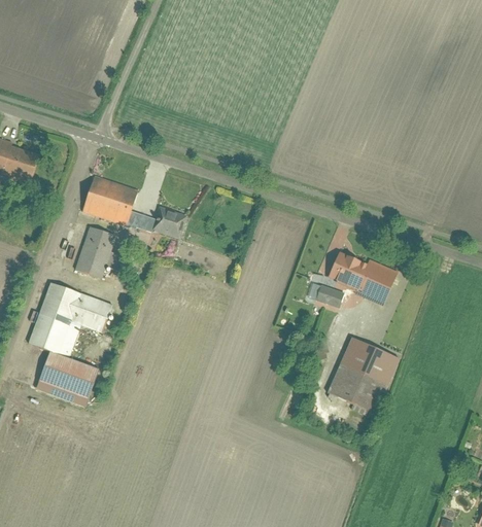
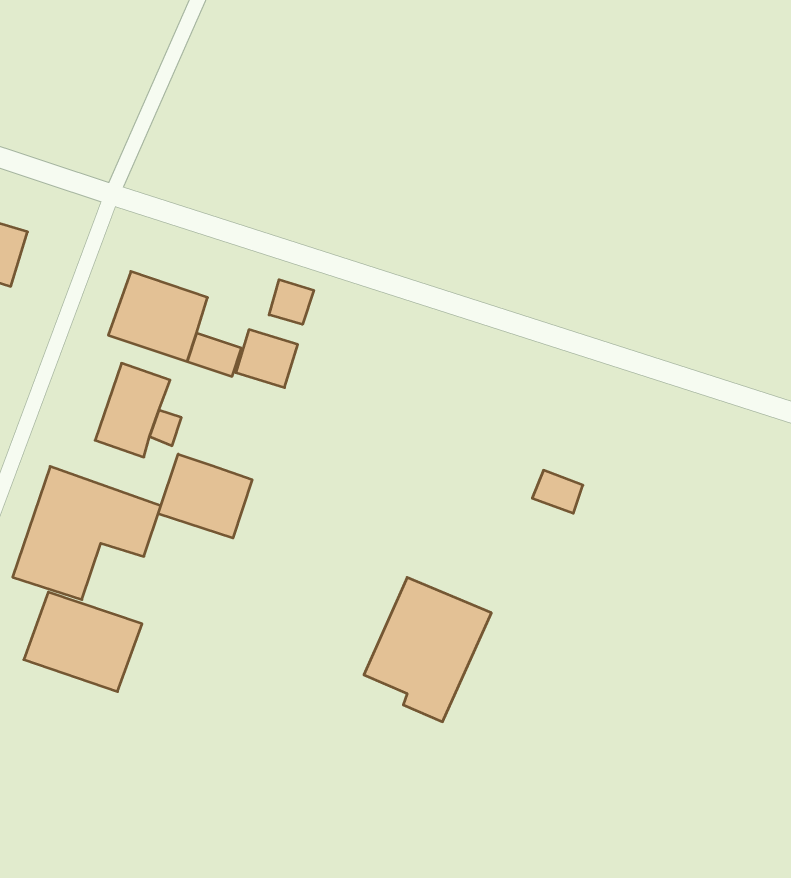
building: none -> [269,280,314,324]
building: [328,253,395,306] -> none
building: none -> [158,454,252,538]
building: [328,338,398,417] -> [364,577,491,722]

